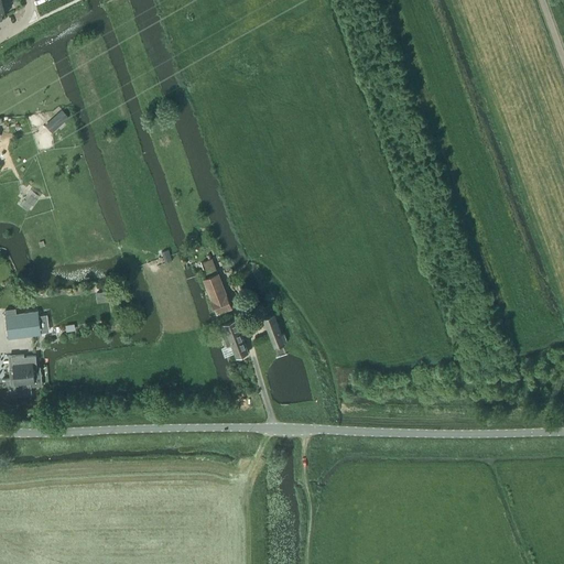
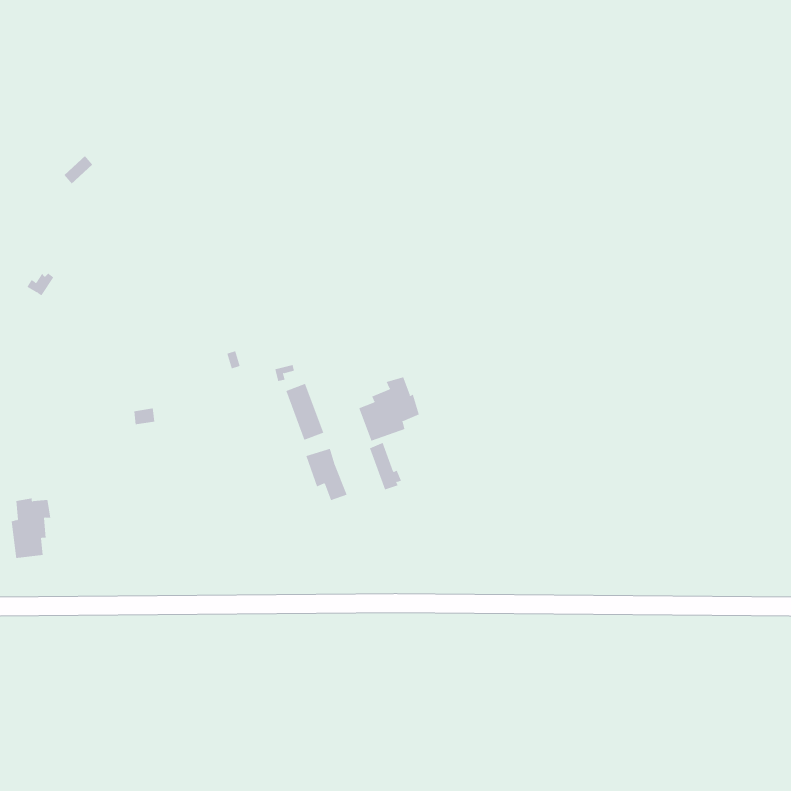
building: none -> [359,377,420,442]
building: [4,310,48,339] -> none

